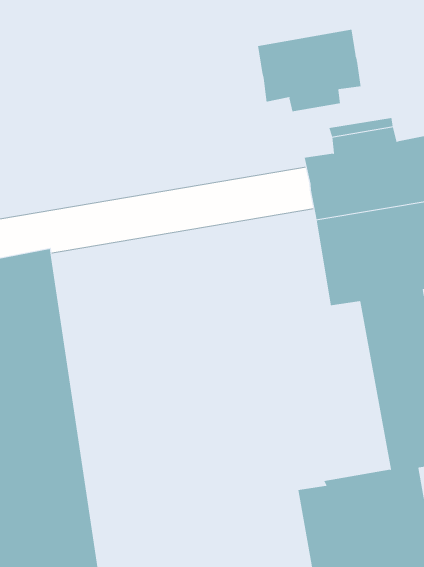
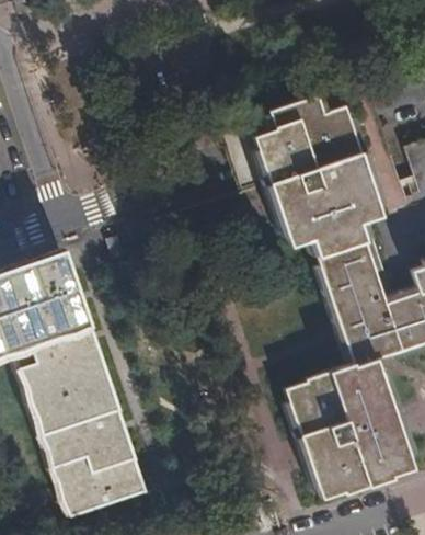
building: [258,29,361,112] -> none

